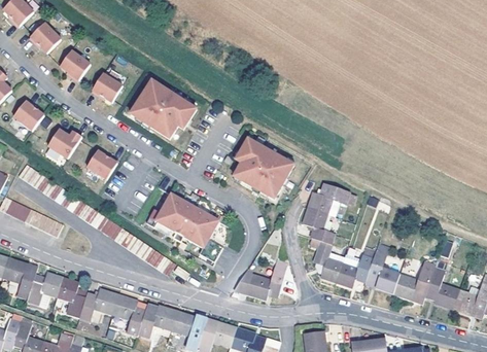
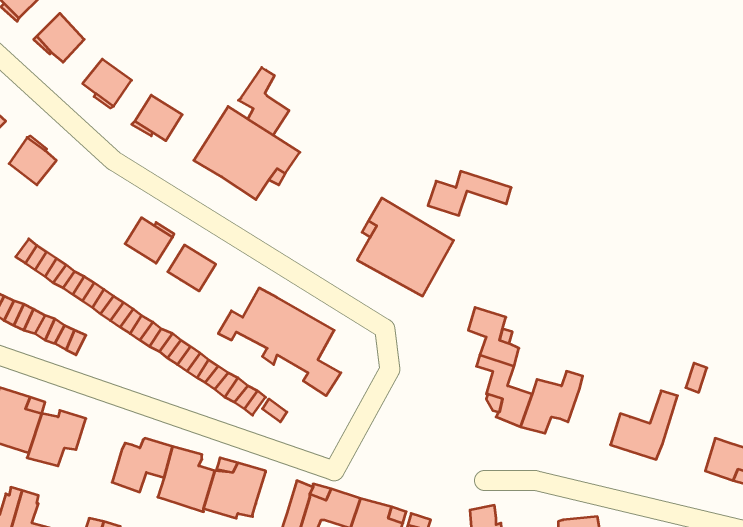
building: none -> [238,67,289,135]
building: [47,128,80,157] -> none
building: none -> [168,245,216,291]
building: [307,184,359,212] -> [428,171,511,215]
building: [364,245,398,292] -> none
building: [425,259,458,309] -> none
building: [234,260,286,297] -> none
building: [56,276,84,316] -> none
building: [169,310,195,336] -> none

